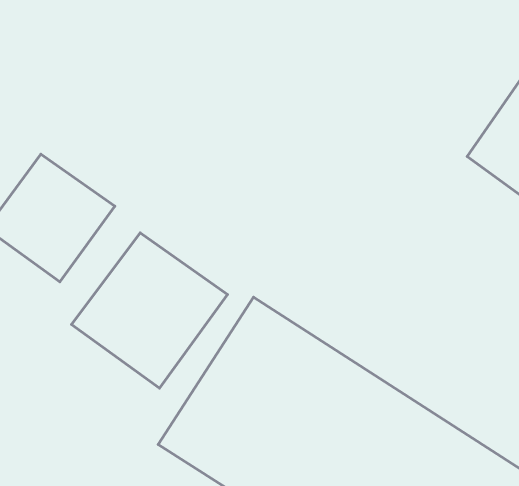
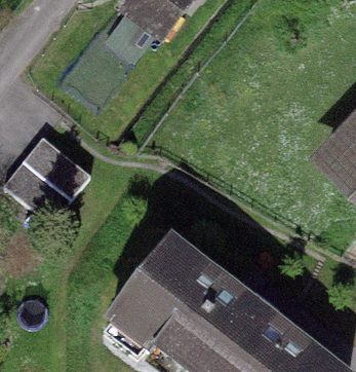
building: [72,233,228,388] -> none

